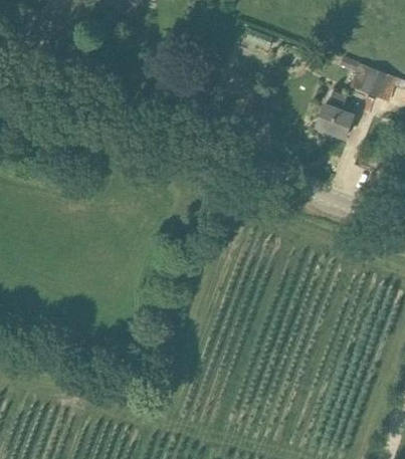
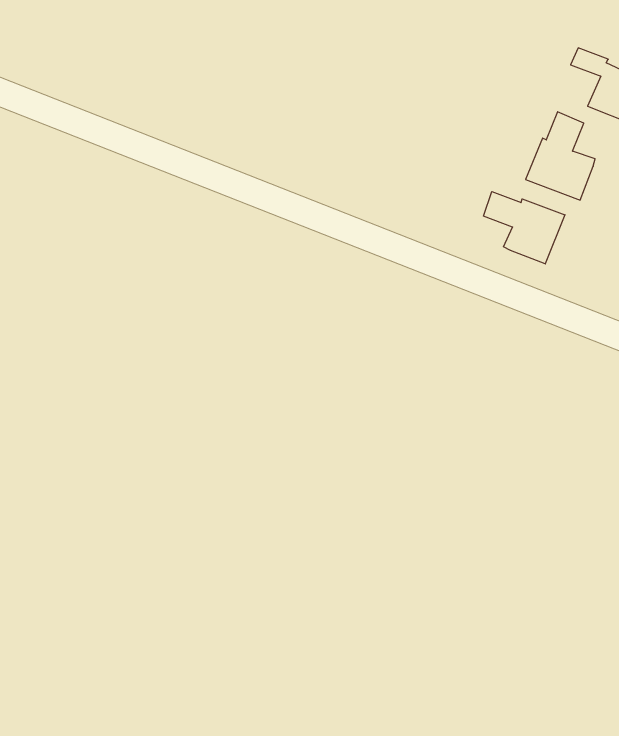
building: none -> [483,192,565,264]

